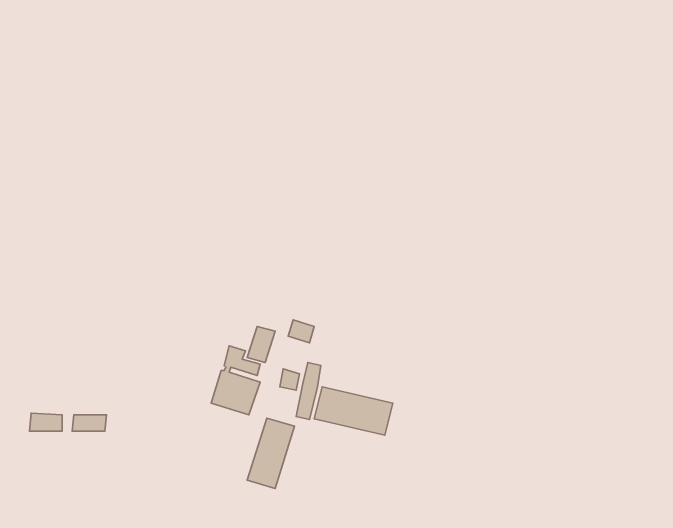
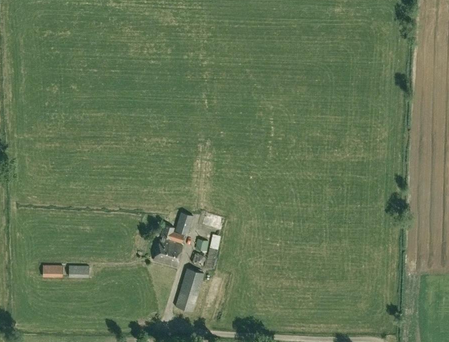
building: [314,387,393,435] -> none

